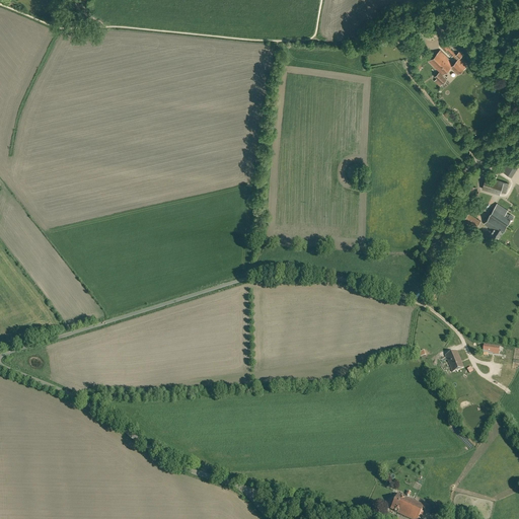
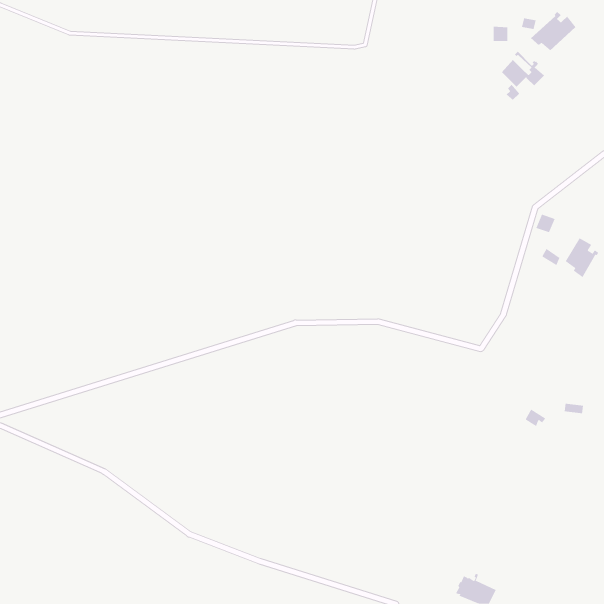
building: none -> [530,11,576,51]

